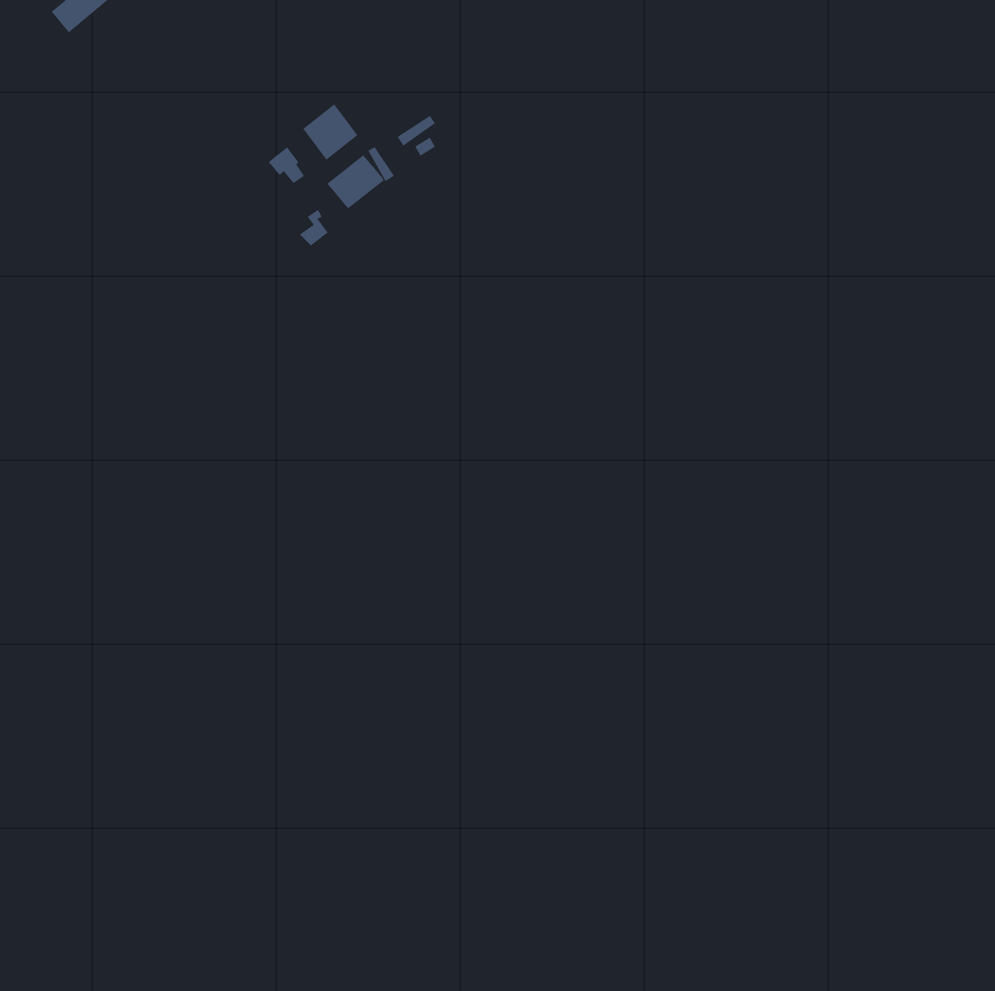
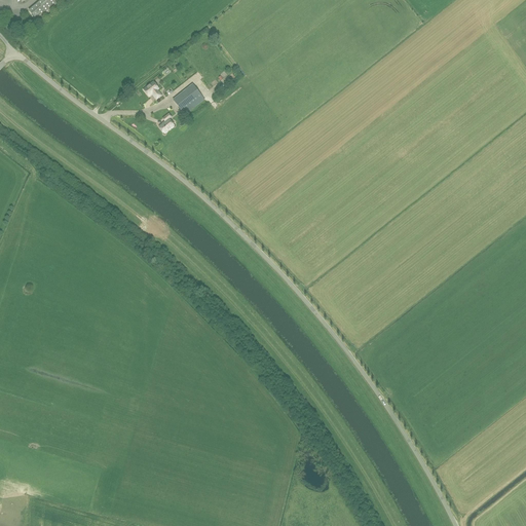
building: [303,104,358,160] -> none

